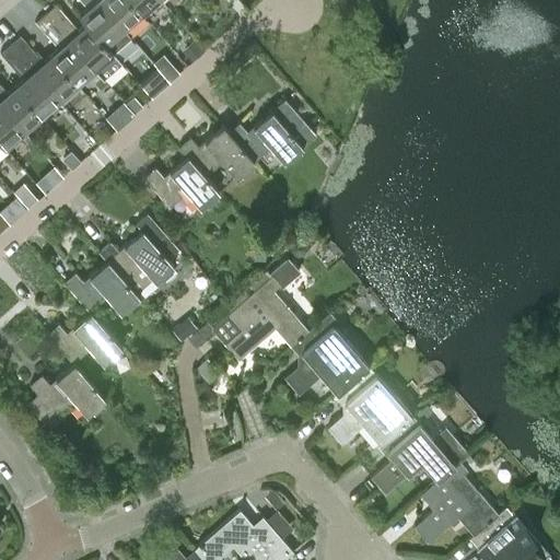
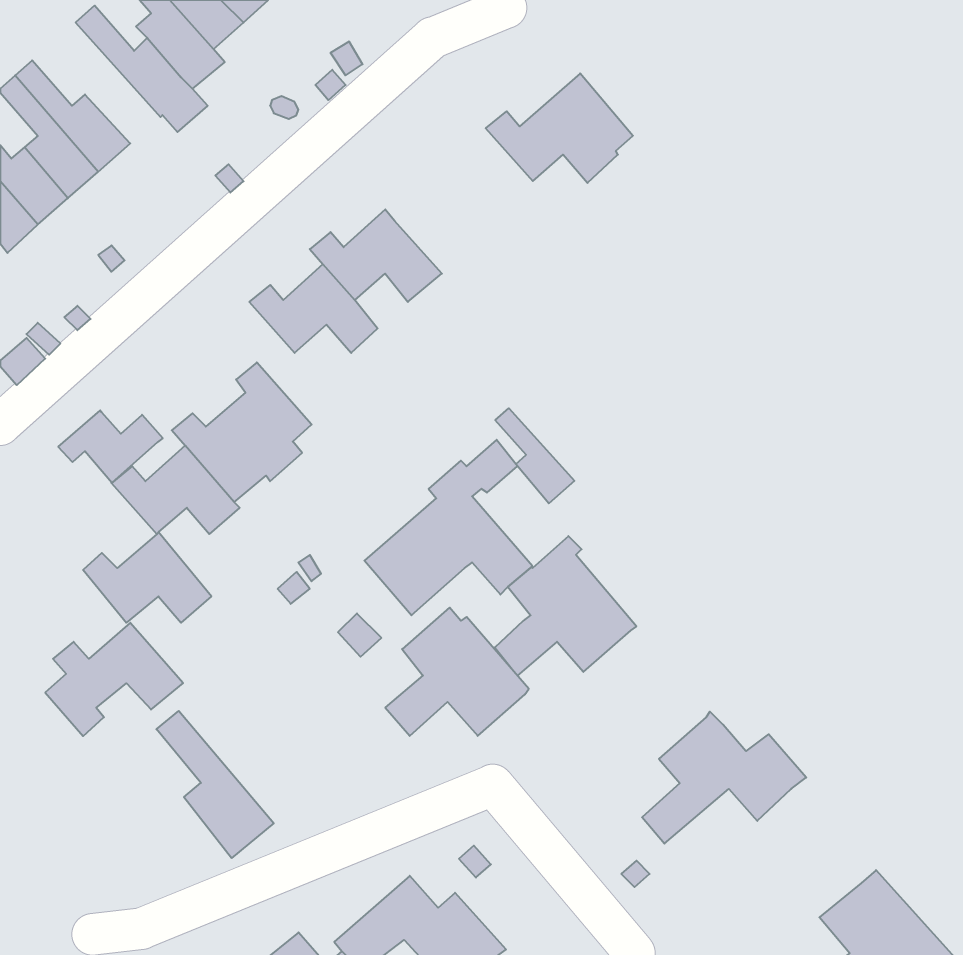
building: [38,19,94,89] -> none
building: [230,102,315,165] -> [486,73,633,183]
building: none -> [495,408,574,503]
building: none -> [58,410,163,483]
building: [329,371,412,445] -> [385,608,529,736]
building: none -> [156,711,274,858]
building: [416,463,500,545] -> none

